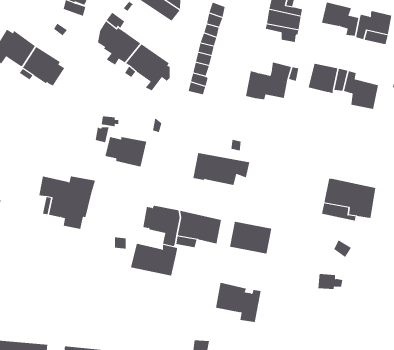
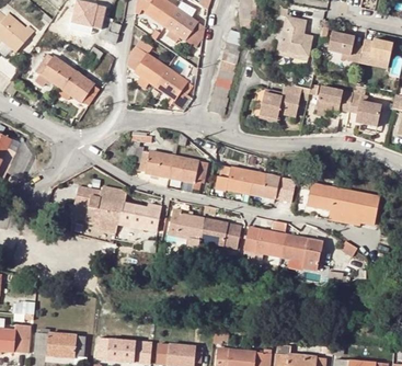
building: none -> [168,155,207,190]
building: none -> [251,172,291,203]
building: none -> [306,182,335,209]
building: [130,243,178,276] -> [118,201,161,230]
building: [215,282,262,323] -> [280,232,322,268]

